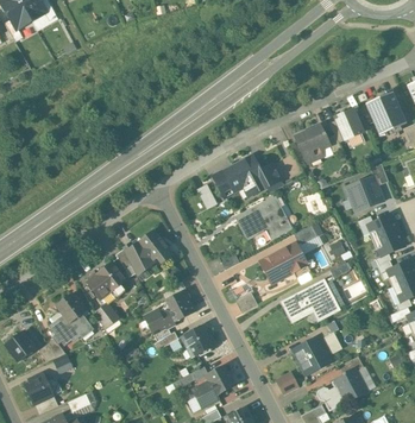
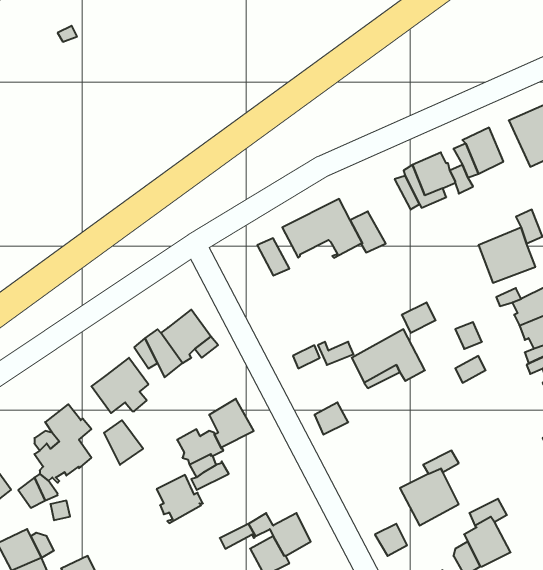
building: [237,198,291,235] -> none
building: [281,279,339,321] -> none
building: [183,324,214,356] -> [157,475,203,523]

